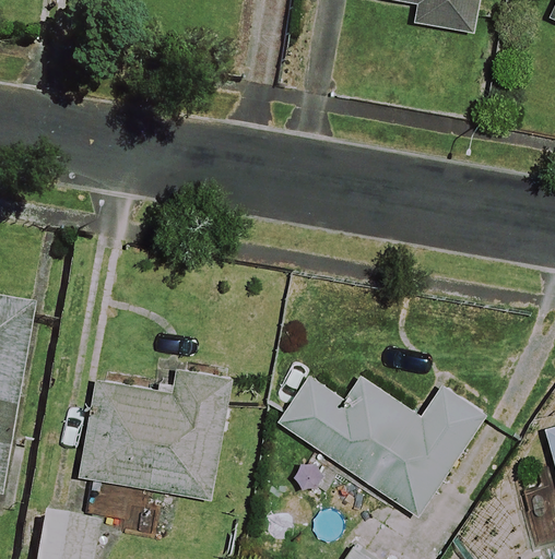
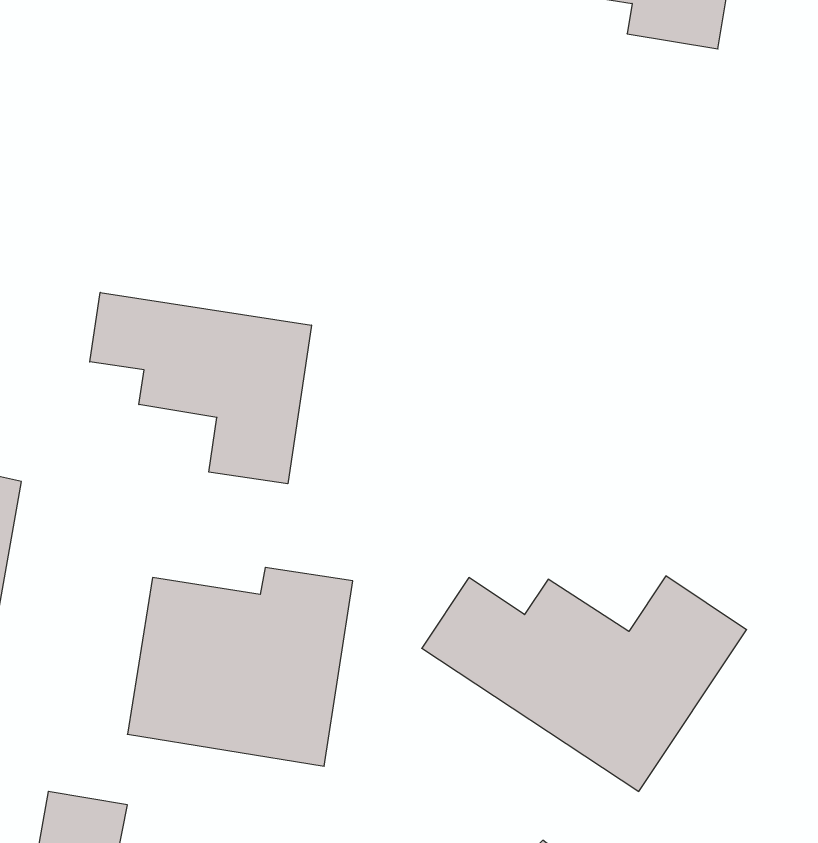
building: none -> [90,292,311,484]

